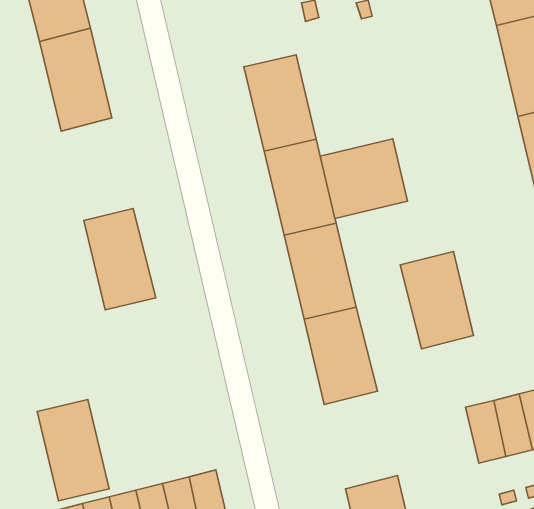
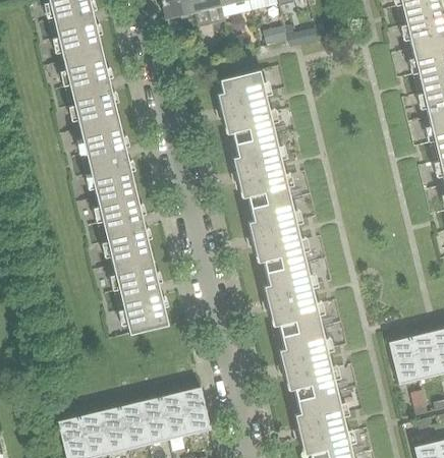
building: none -> [80,119,135,197]
building: [320,139,407,218] -> none
building: [400,251,474,349] -> [281,328,337,402]
building: [37,399,109,501] -> [114,256,169,334]

